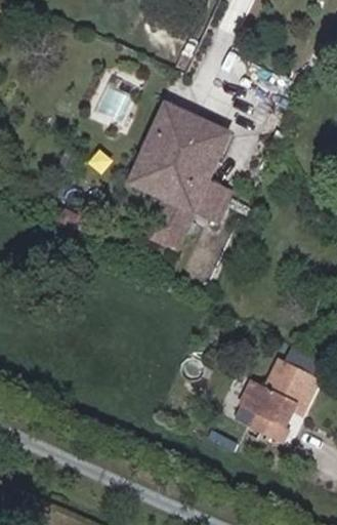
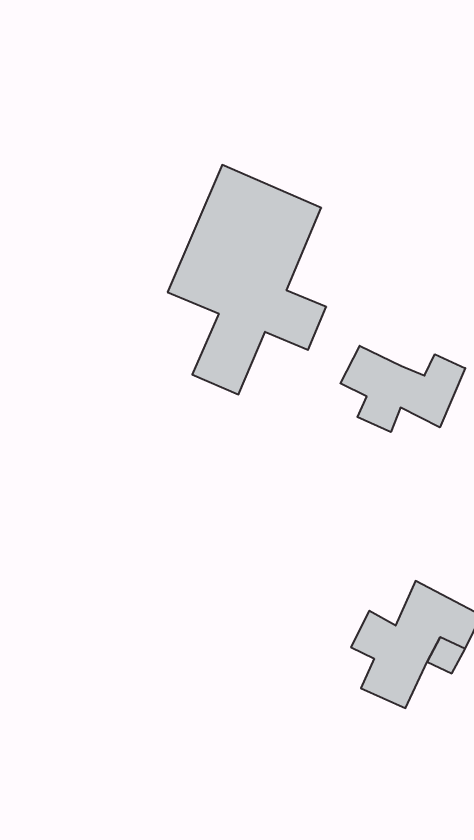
building: none -> [340,346,465,432]

